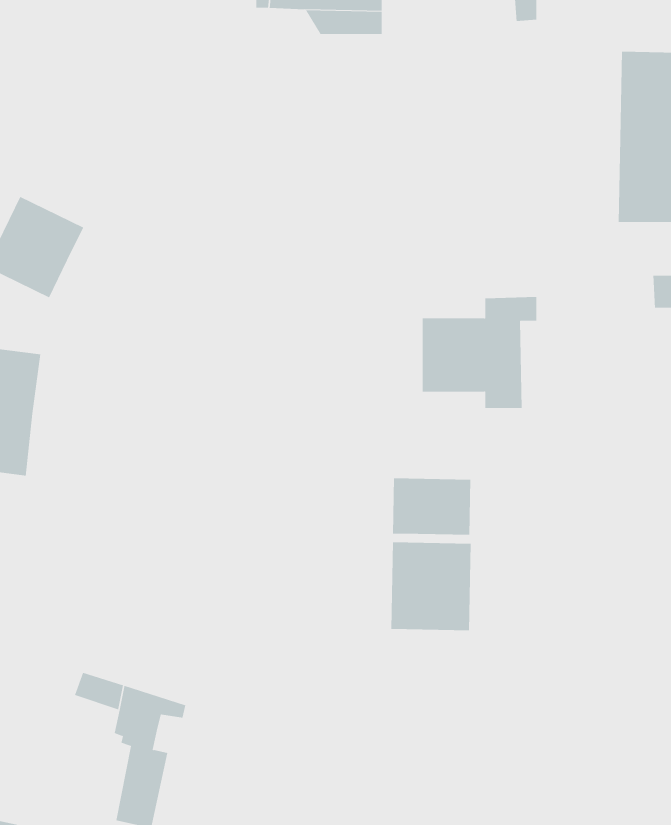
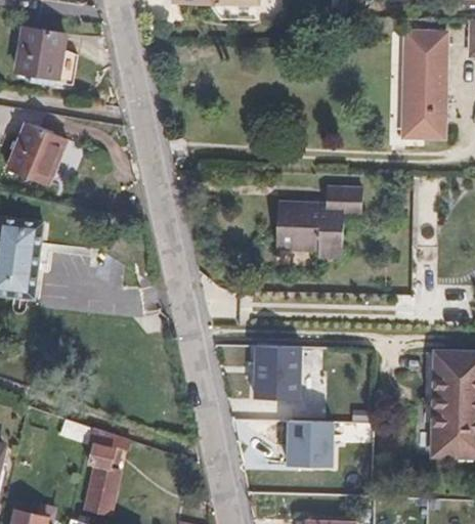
building: none -> [19,27,72,88]
building: [392,478,471,536] -> none
building: none -> [292,414,341,463]

